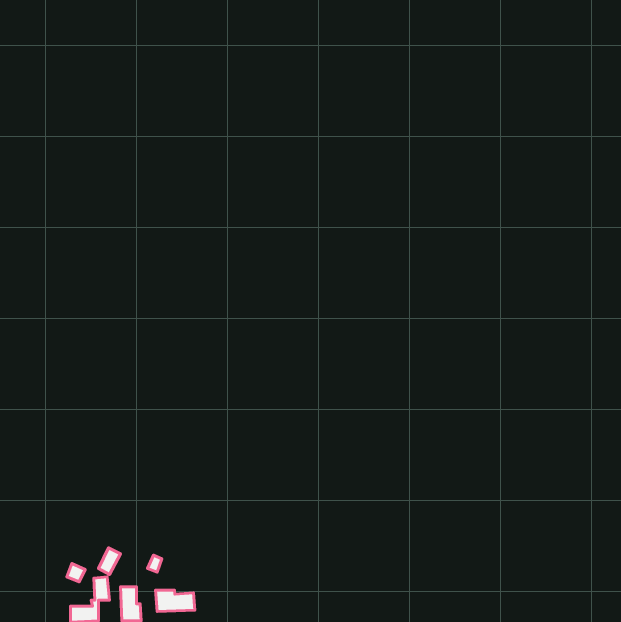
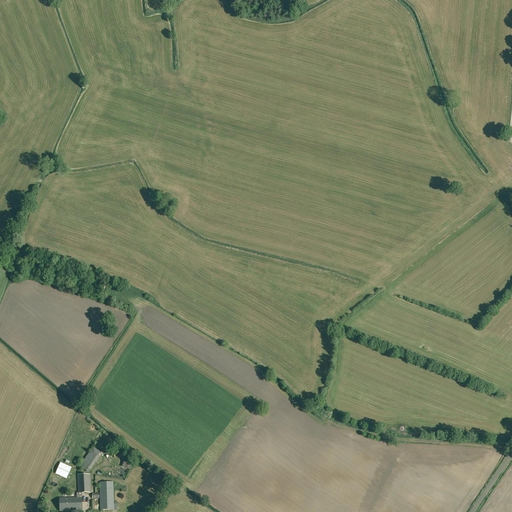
building: [156,590,195,612] -> none

